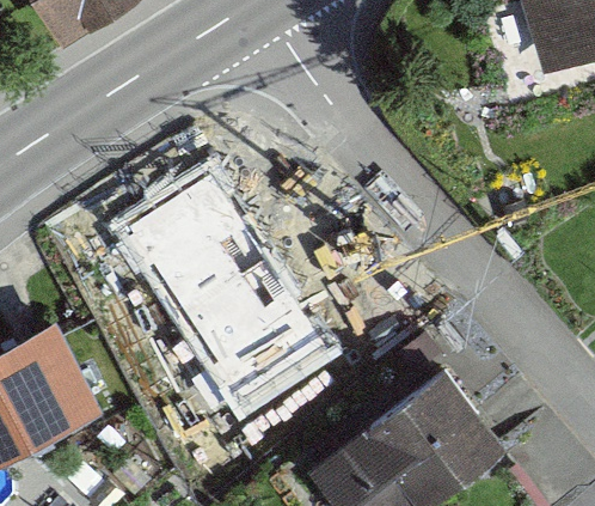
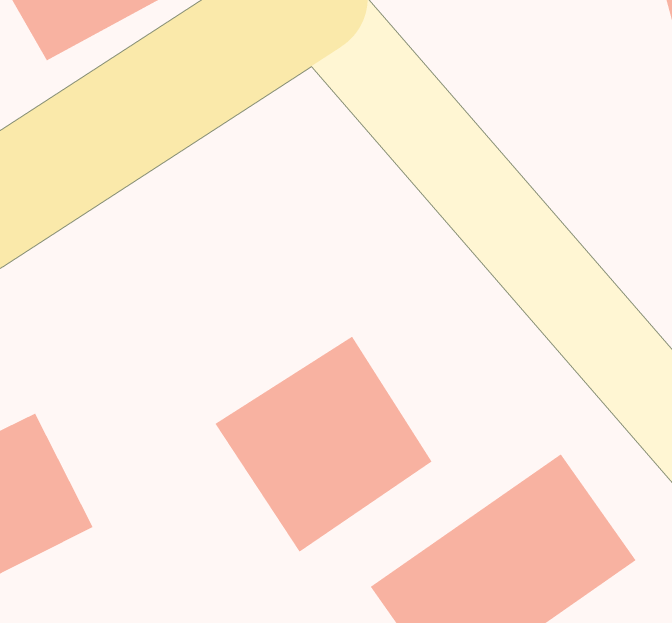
building: [121,167,288,337] -> none

